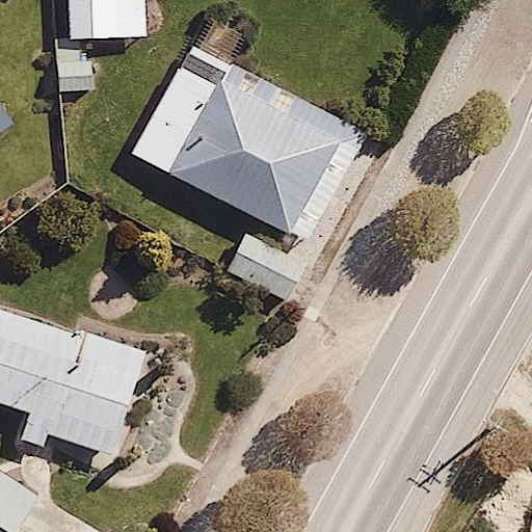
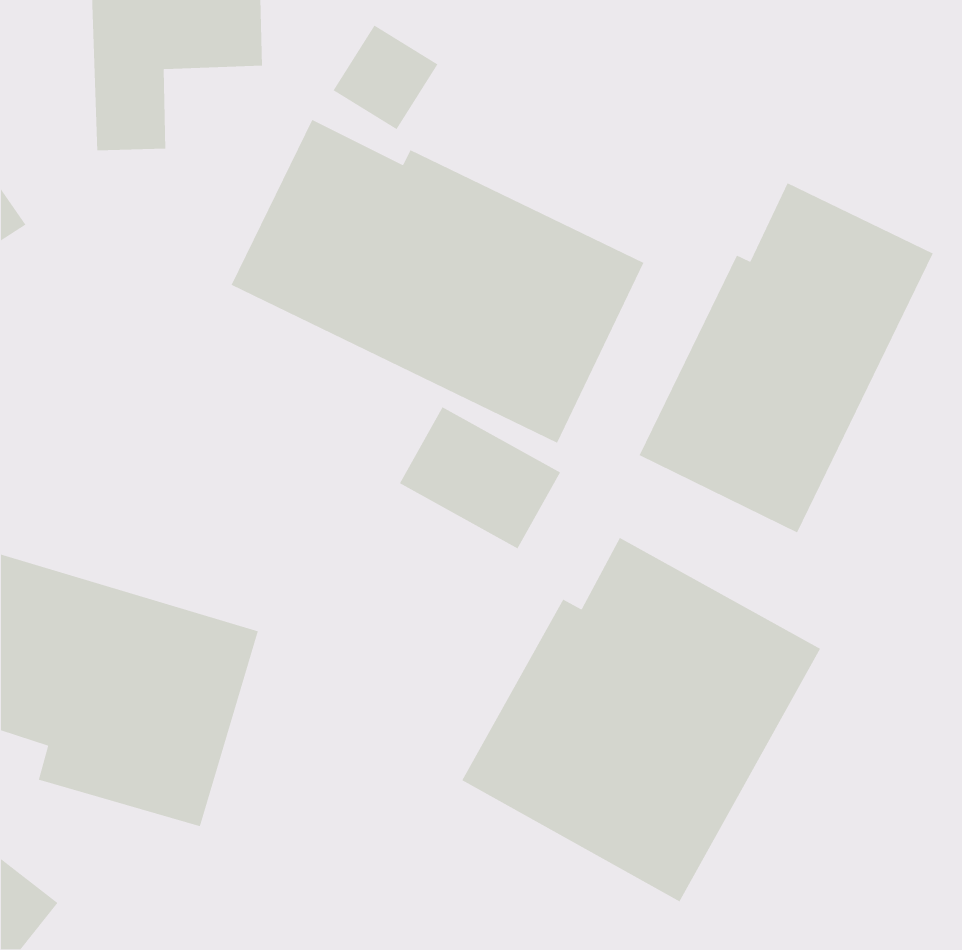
building: none -> [639,182,934,534]
building: none -> [461,537,821,903]

